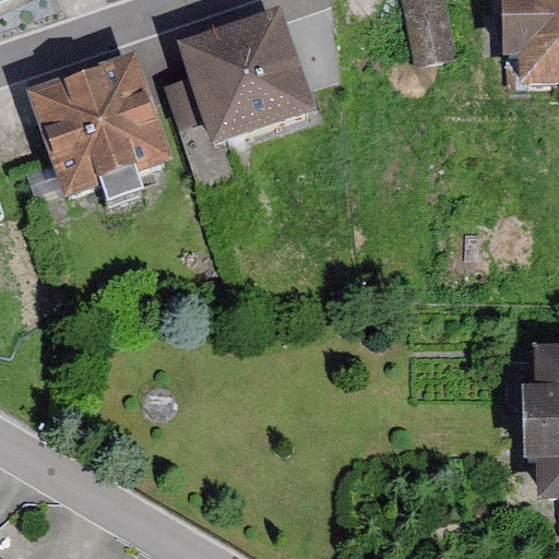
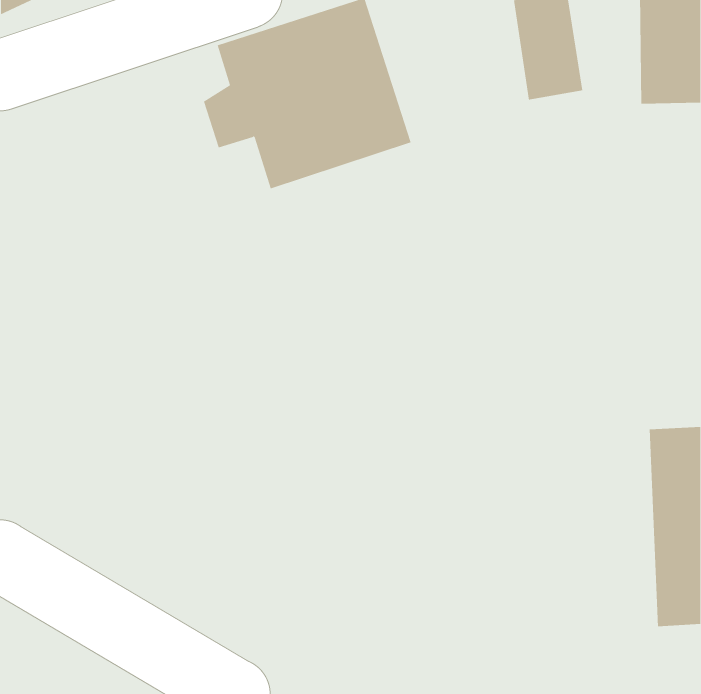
building: [25,45,174,201] -> none

